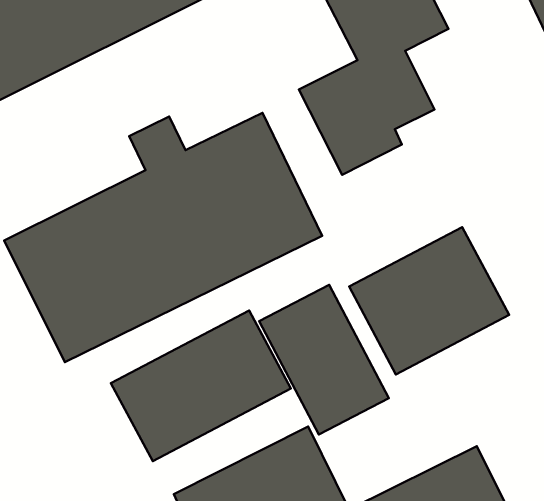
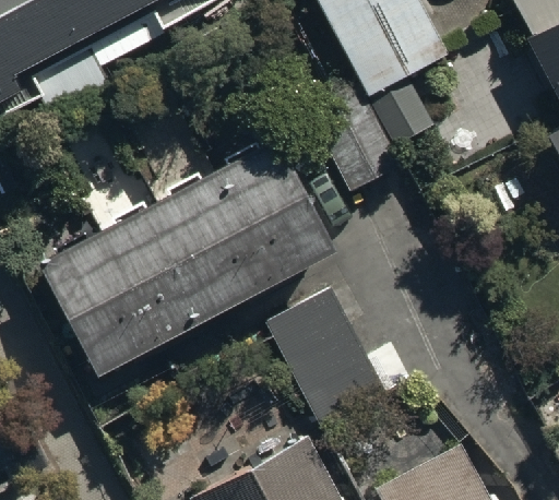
building: [349,227,509,374] -> none
building: [111,310,291,461] -> none

